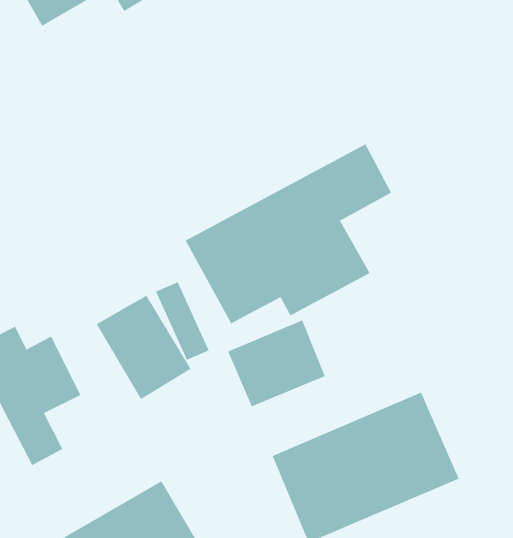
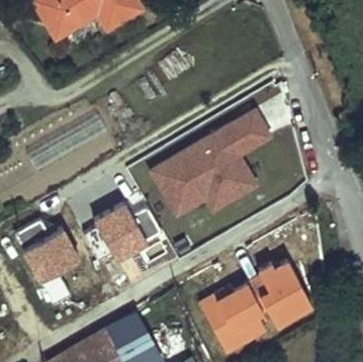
building: [228,319,326,407] -> none

